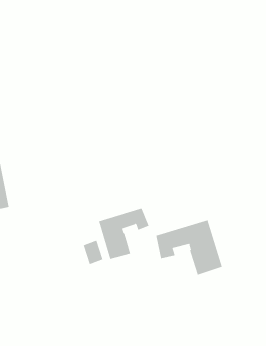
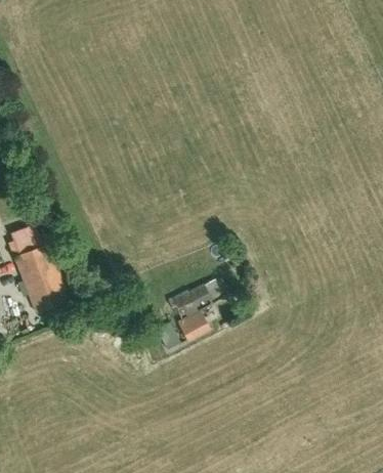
building: [156,219,223,276] -> none

